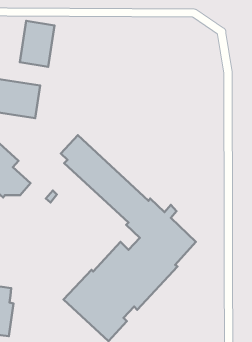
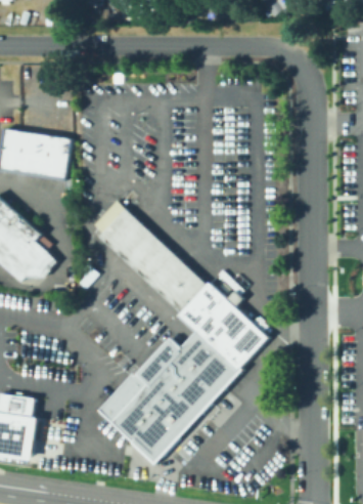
building: [20,21,54,67] -> none

